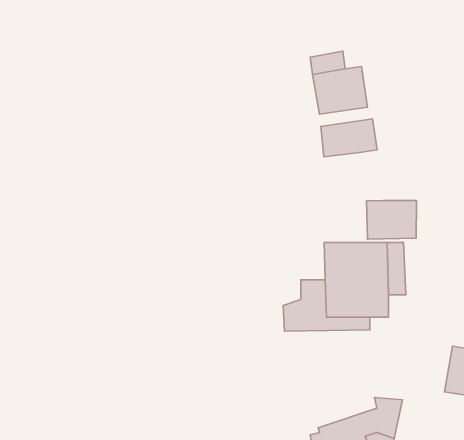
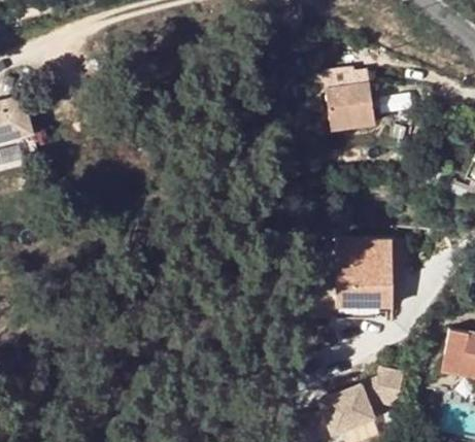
building: [321,119,377,157] -> none
building: [366,200,417,239] -> none

